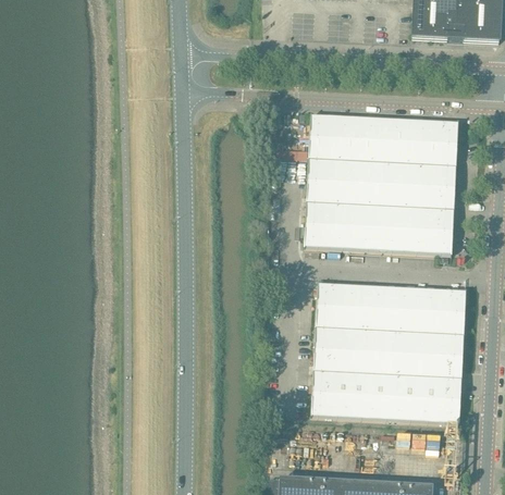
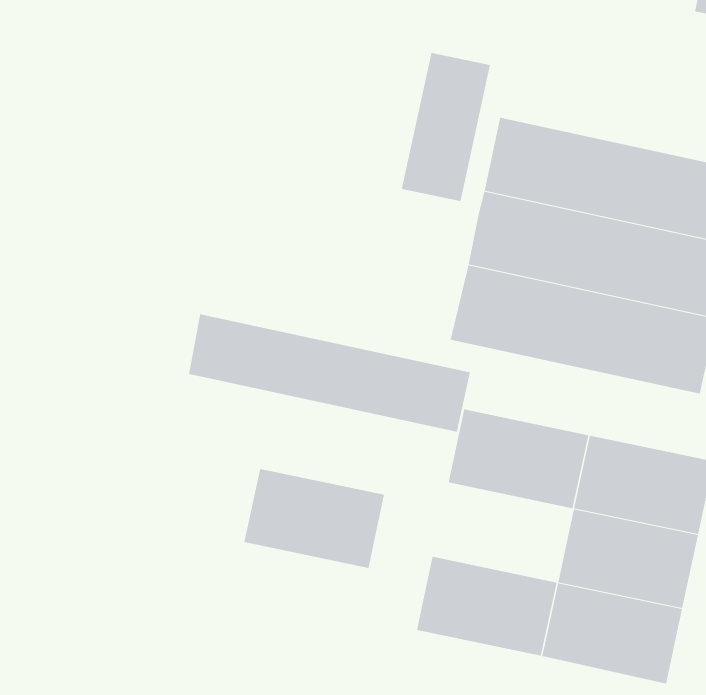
building: none -> [401,52,491,202]
building: none -> [189,313,471,433]
building: [313,327,390,374] -> [244,468,385,568]

